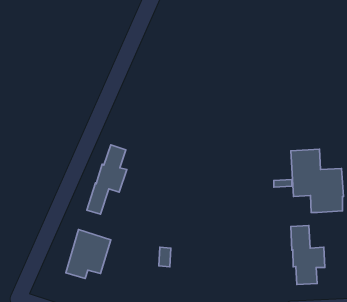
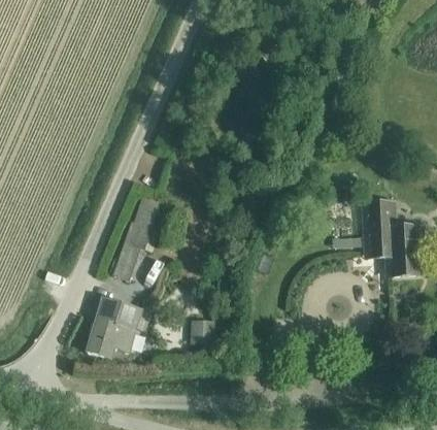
building: [291,226,325,285] -> none

